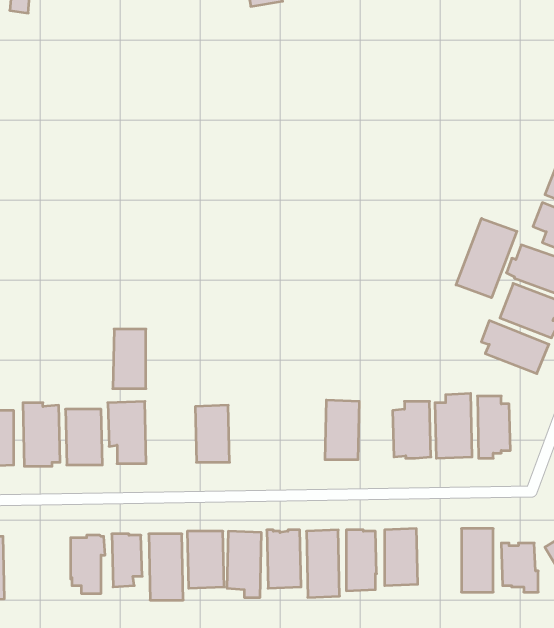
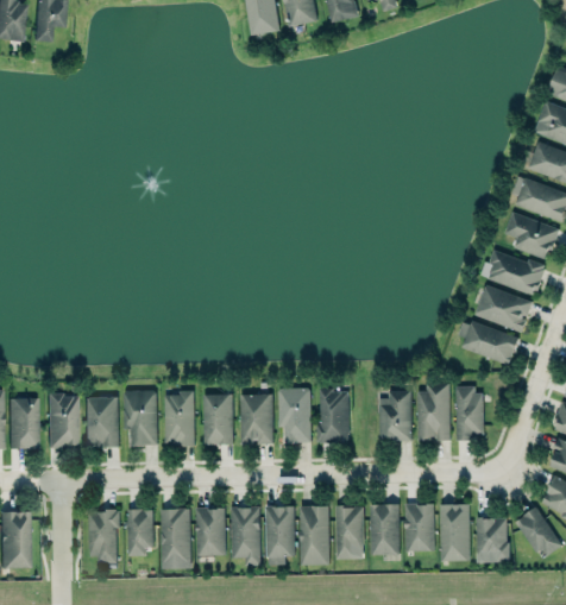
building: [456,218,517,298] -> none
building: [113,329,146,389] -> [163,392,193,446]
building: none -> [277,387,310,443]
building: none -> [238,393,272,445]
building: none -> [404,503,434,552]

